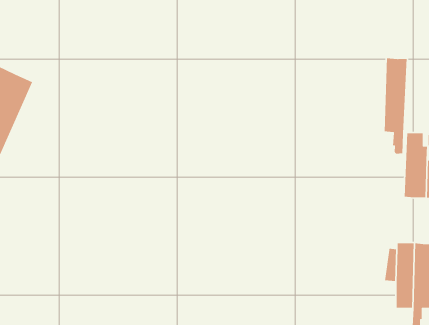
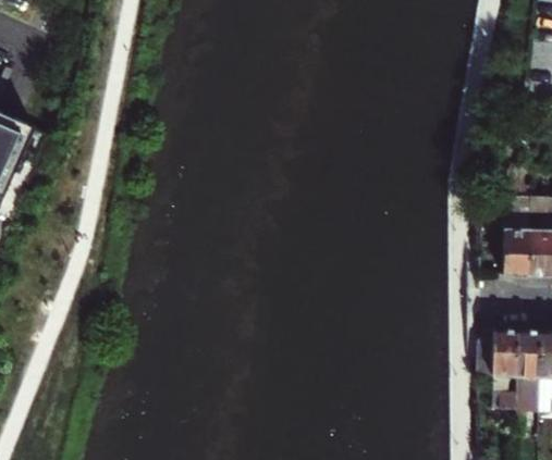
building: [384,58,407,154] -> none

